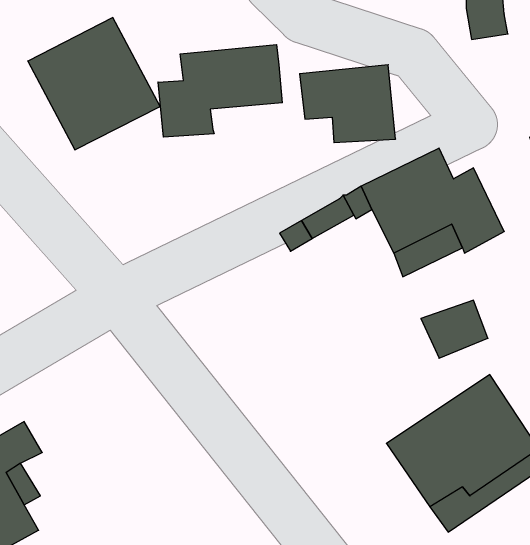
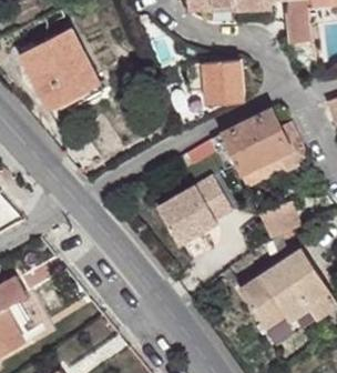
building: [158,45,282,137] -> none
building: none -> [156,174,232,243]

